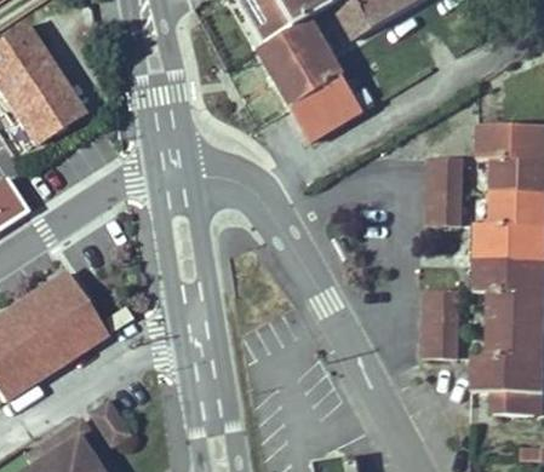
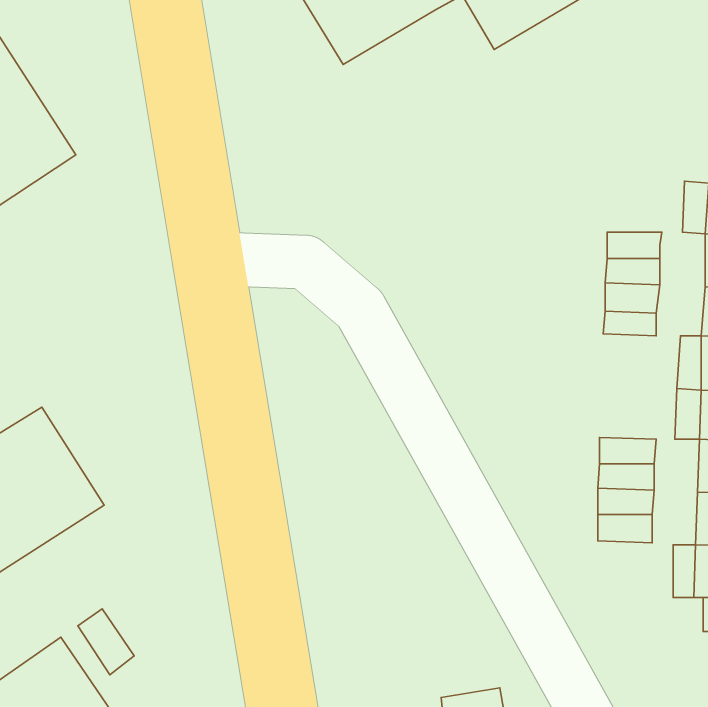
building: [258,17,365,142] -> none

